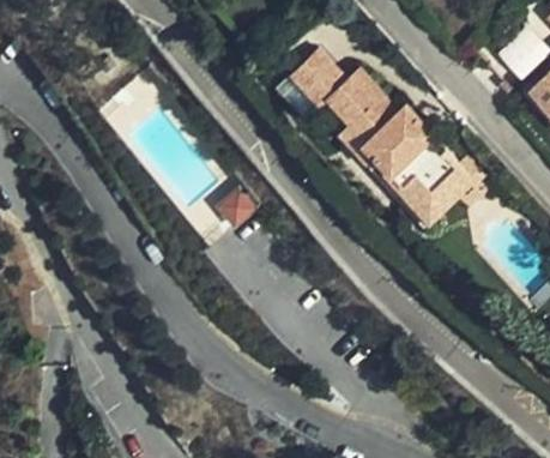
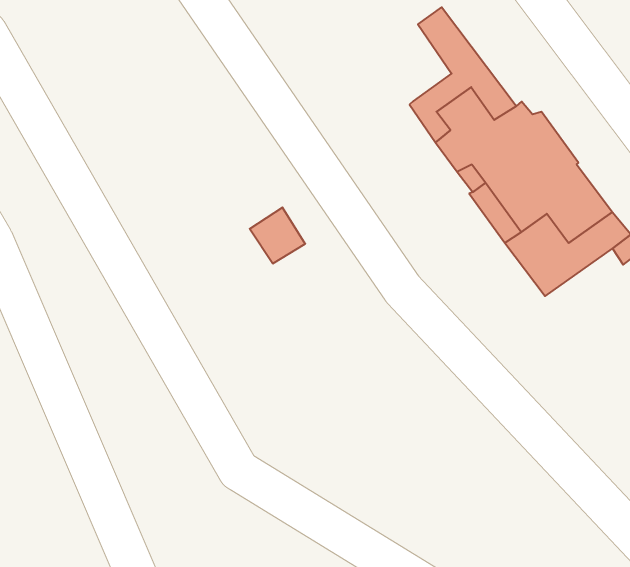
building: [296,49,349,103] -> none

